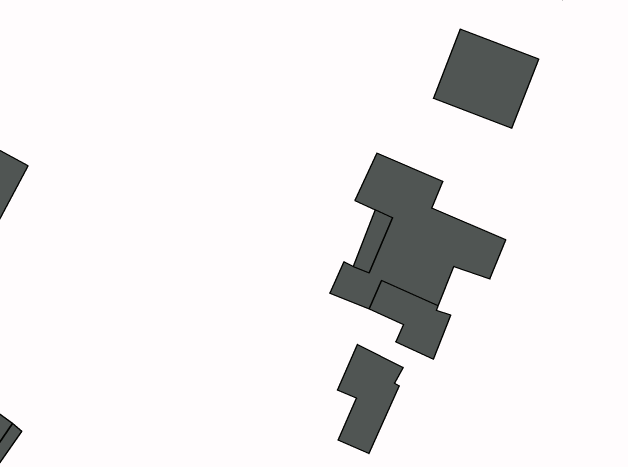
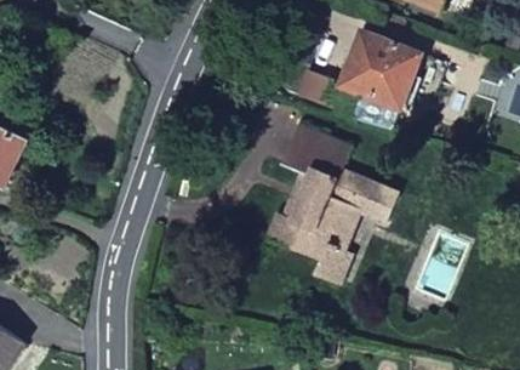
building: [338,344,403,454] -> none

